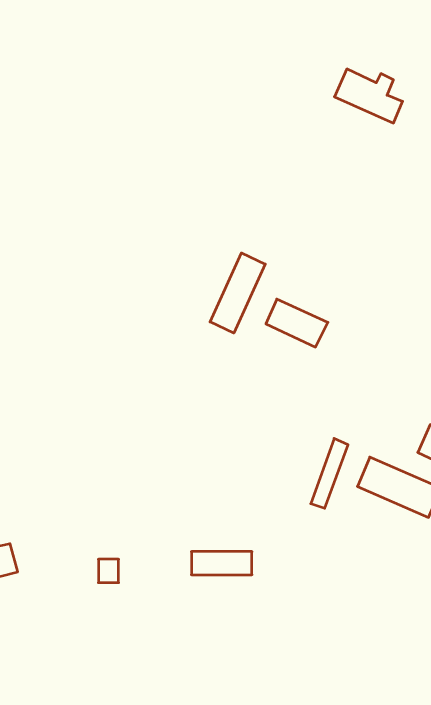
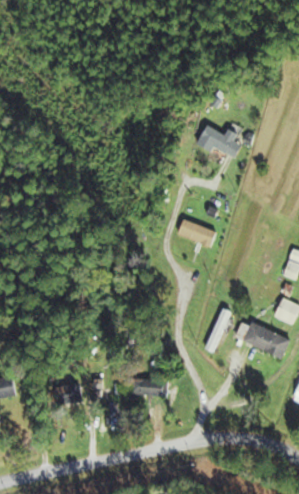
building: [334,69,403,123] -> [198,124,242,159]
building: [210,253,265,333] -> none

